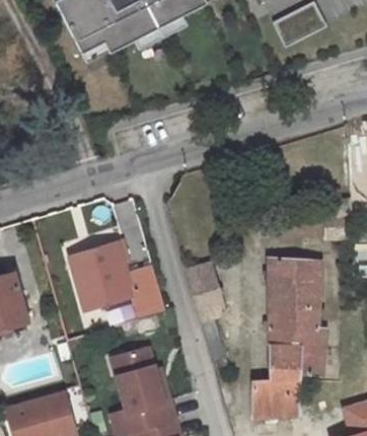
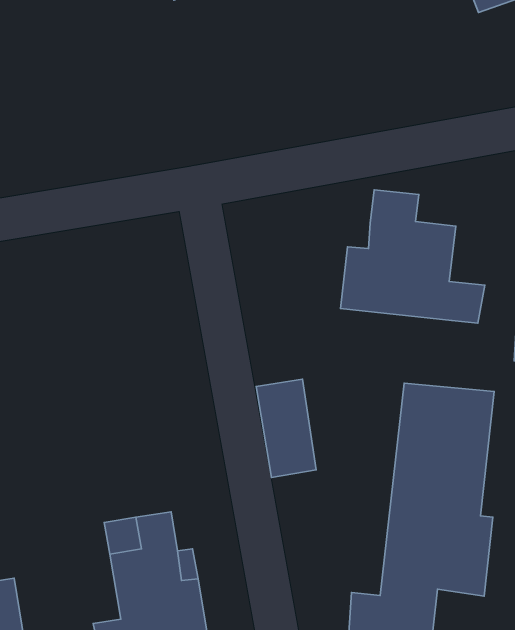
building: none -> [341,190,485,323]
building: [72,240,161,316] -> none

